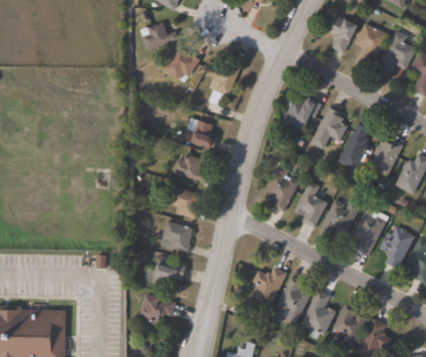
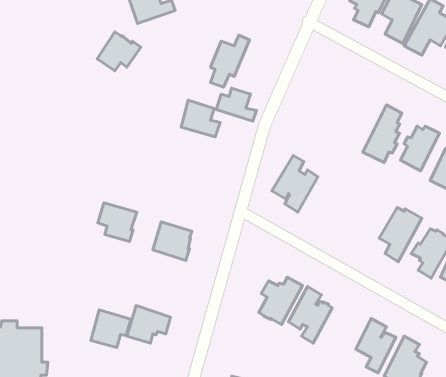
building: [162,47,199,80] -> [97,32,141,71]
building: [283,99,317,130] -> none
building: [311,107,347,148] -> none
building: [172,153,206,182] -> [216,88,256,121]
building: [294,180,327,227] -> none
building: [168,186,201,219] -> [98,203,137,242]
building: [319,199,360,236] -> none
building: [151,257,185,289] -> [91,310,131,347]
building: [300,289,336,339] -> none

